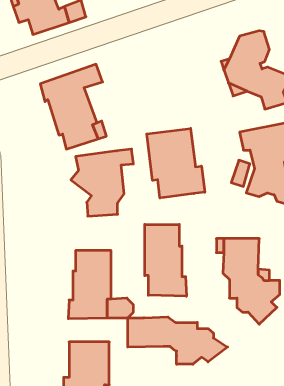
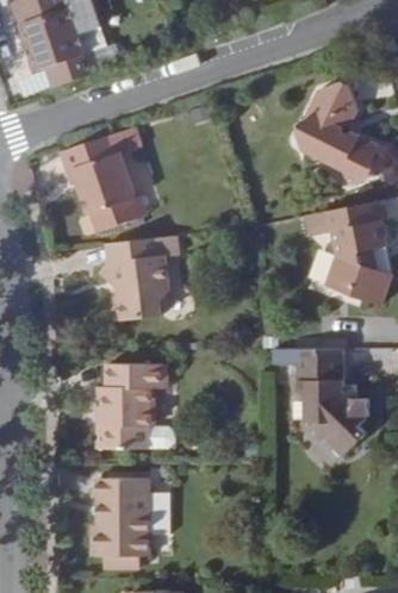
building: [147,128,205,198] -> none
building: [145,224,186,296] -> none
building: [128,317,228,364] -> none

